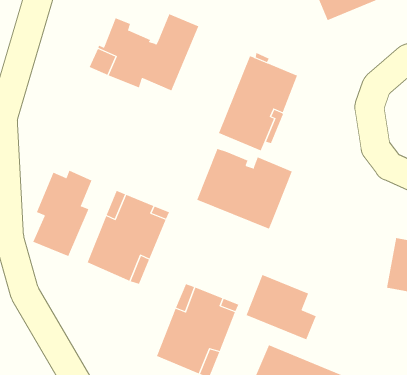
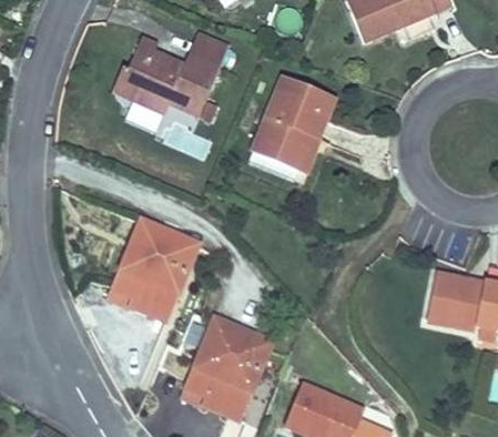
building: [197,148,293,230] -> none
building: [32,170,92,257] -> none
building: [246,274,316,340] -> none

